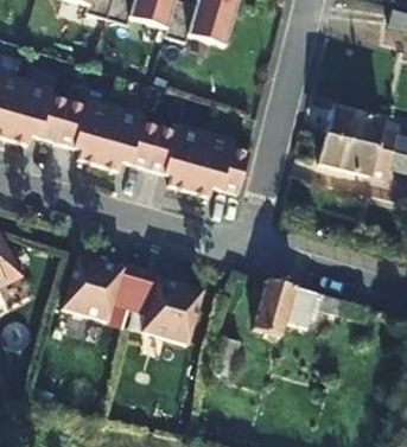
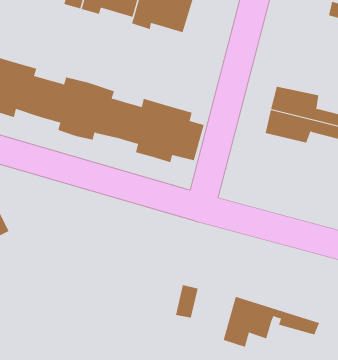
building: [63,254,210,346] -> none
building: [255,279,368,338] -> [223,296,320,347]

